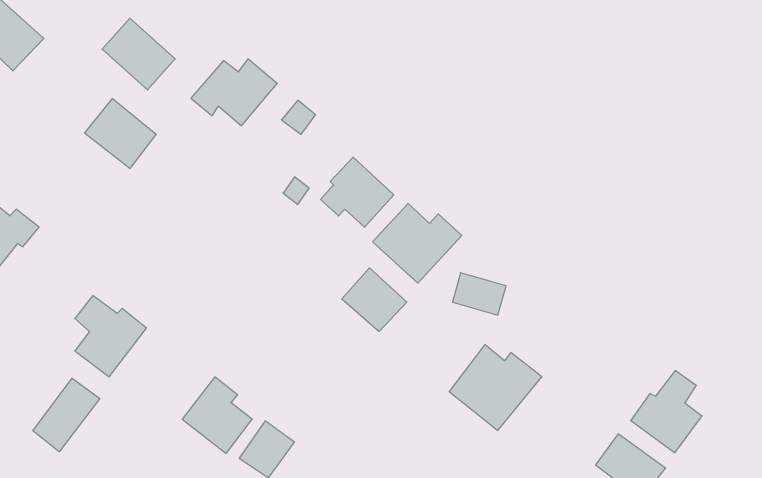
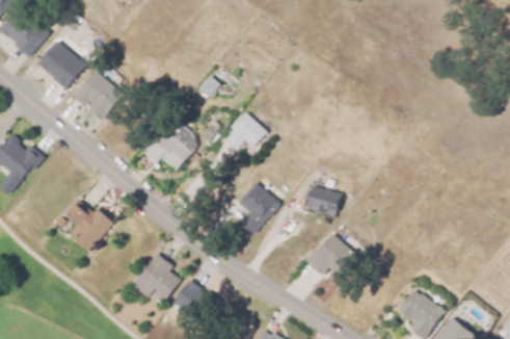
building: [102,18,175,90] -> [36,43,83,88]
building: [191,59,277,126] -> [143,128,198,171]
building: [373,203,462,283] -> none
building: [631,370,702,453] -> none
building: [33,378,100,452] -> none

